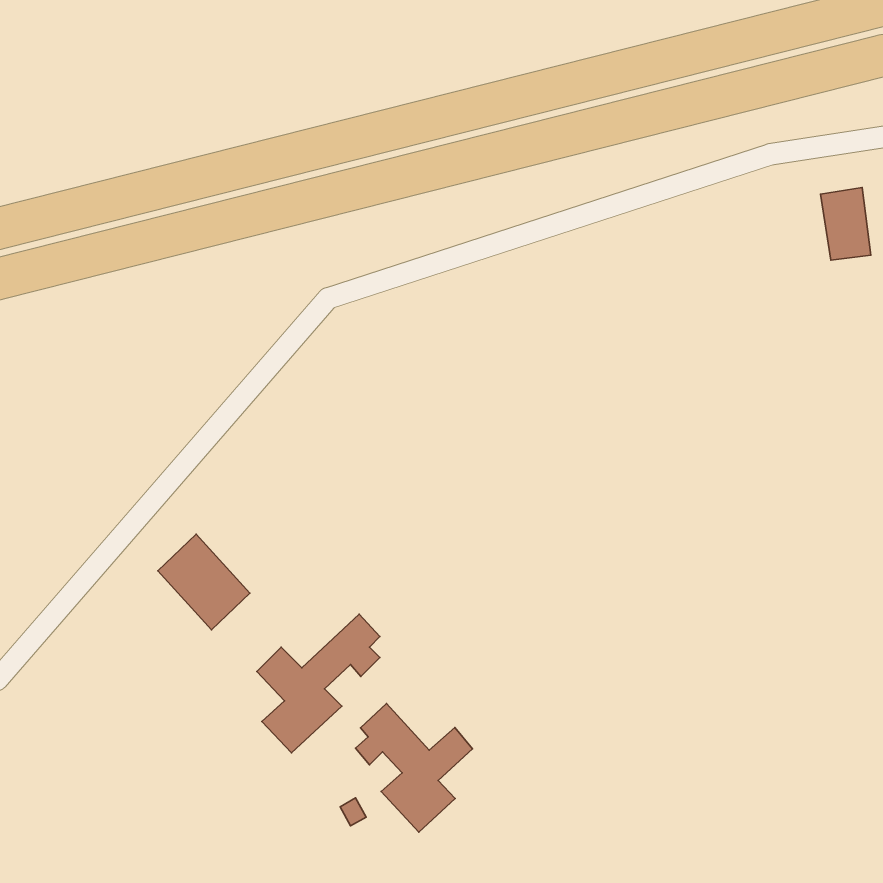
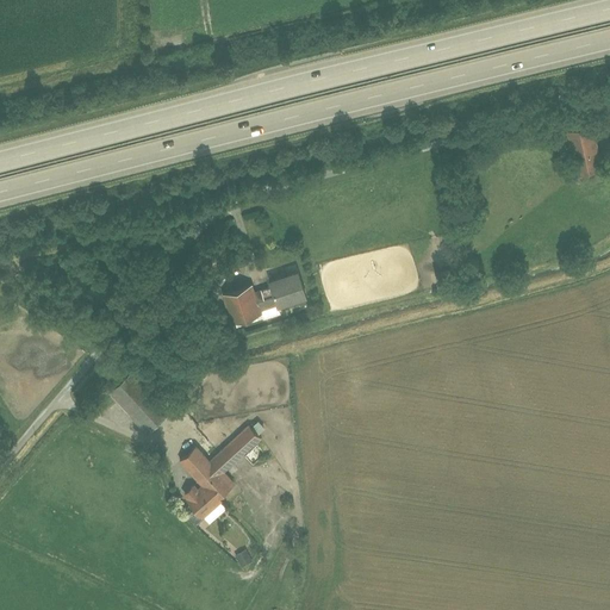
building: none -> [218,272,306,326]
building: [356,704,472,832] -> none

